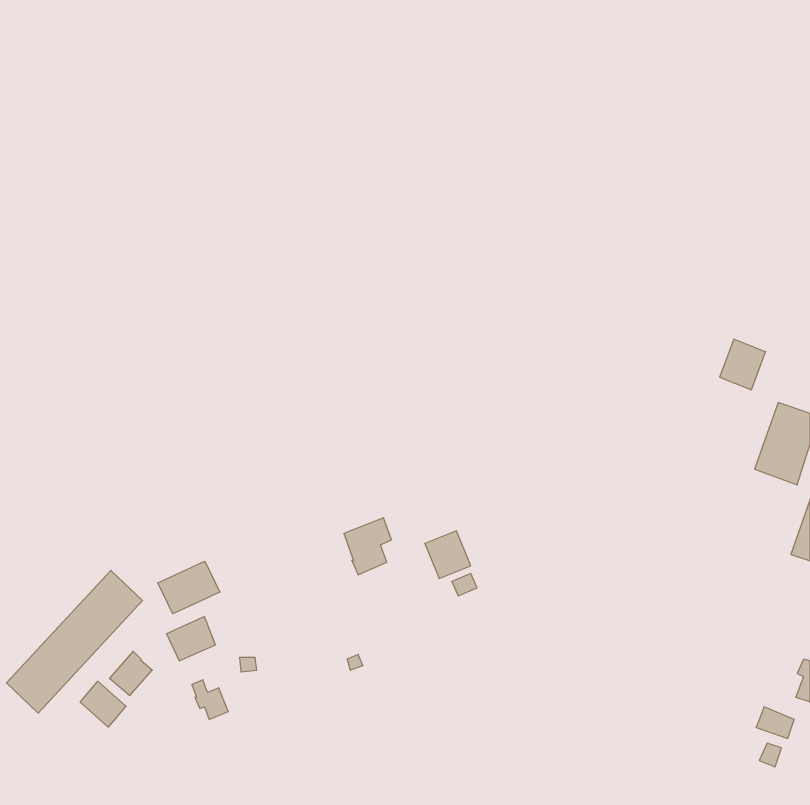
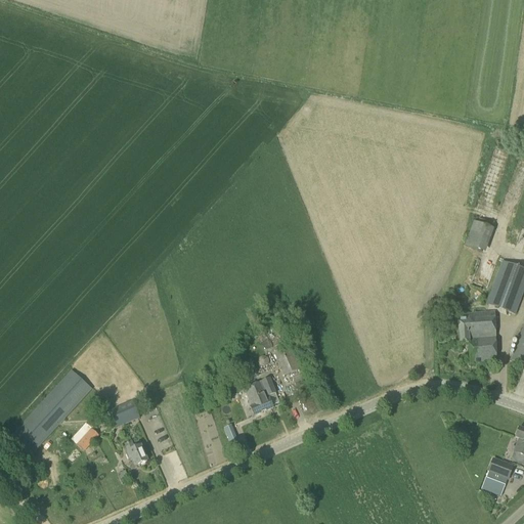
building: none -> [458,310,497,360]
building: [344,518,391,575] -> [245,377,275,413]
building: [158,561,220,614] -> none
building: [80,681,126,727] -> none

